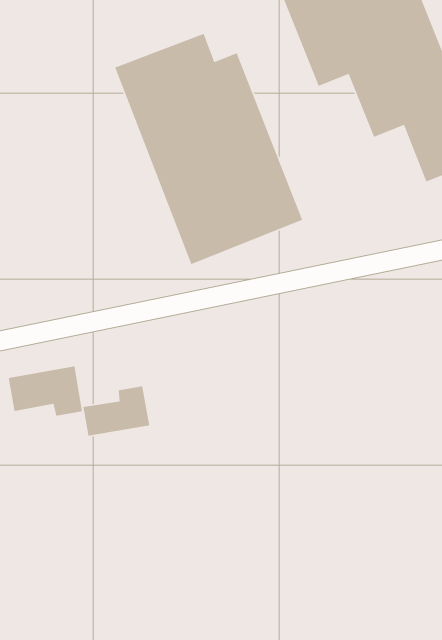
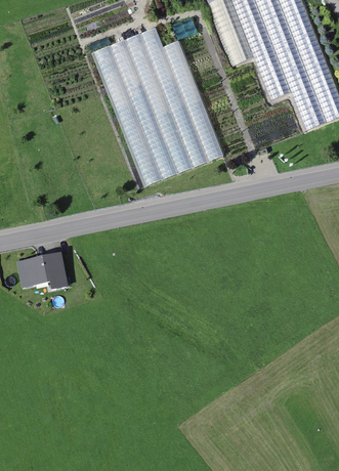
building: [82,385,150,436] -> none

